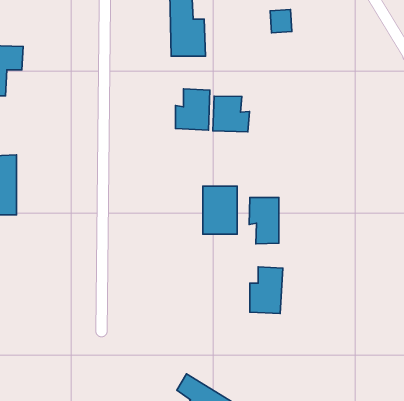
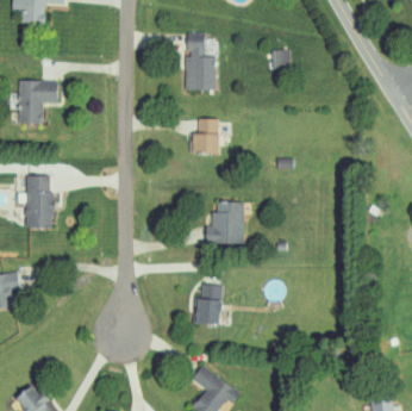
building: [213,96,249,132] -> none
building: [249,197,279,244] -> none
building: [250,267,283,313] -> [194,284,223,324]

